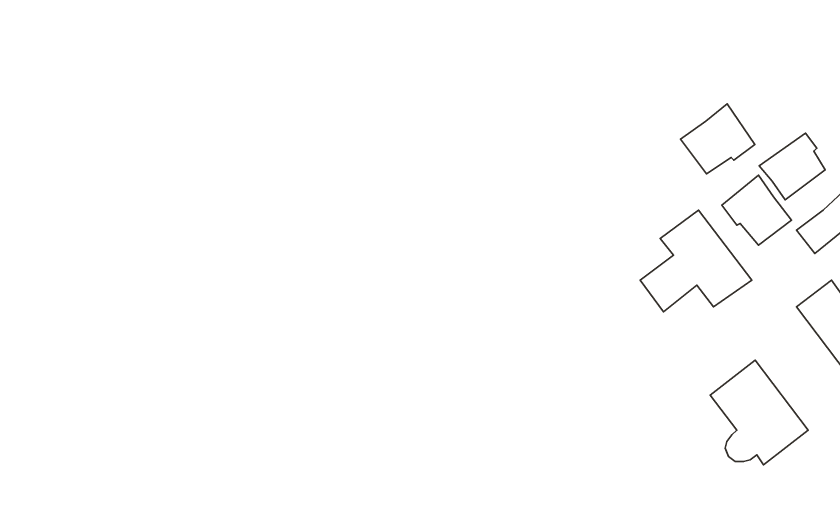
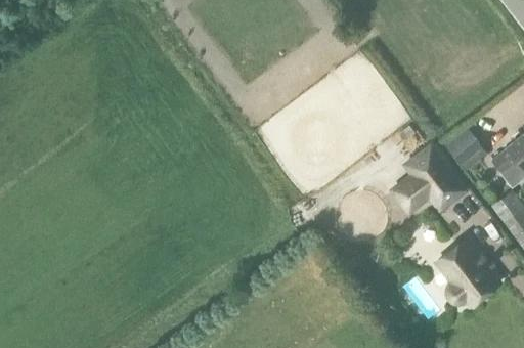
building: [681,104,755,174] -> none
building: [759,133,825,200] -> none

